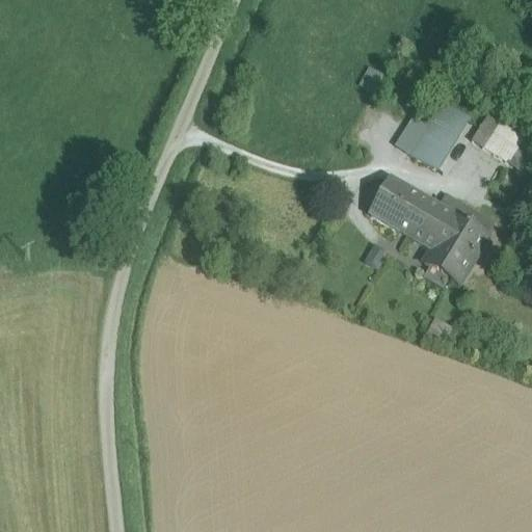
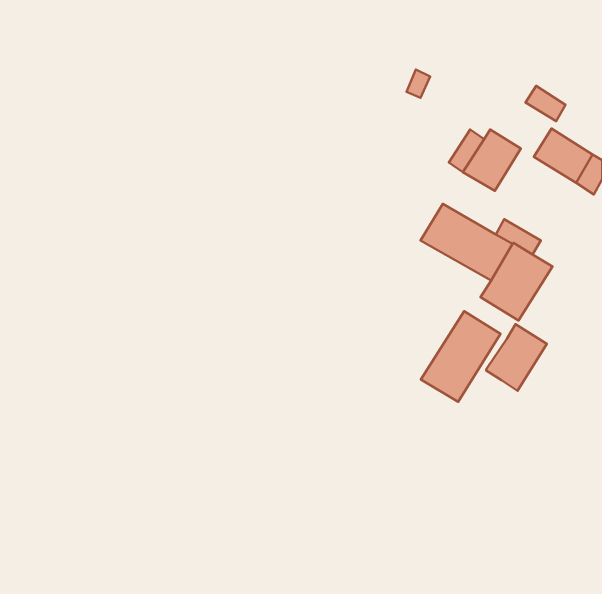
building: [432,100,468,131] -> [526,86,566,121]
building: none -> [421,311,500,402]
building: none -> [486,324,547,391]

